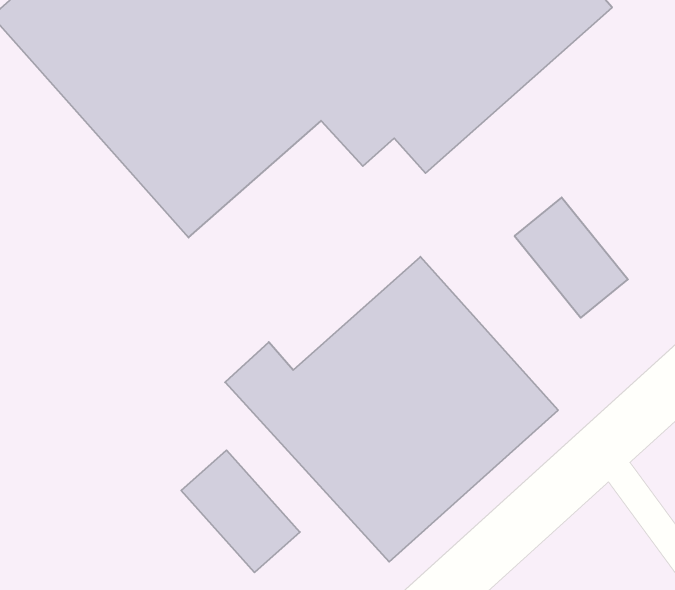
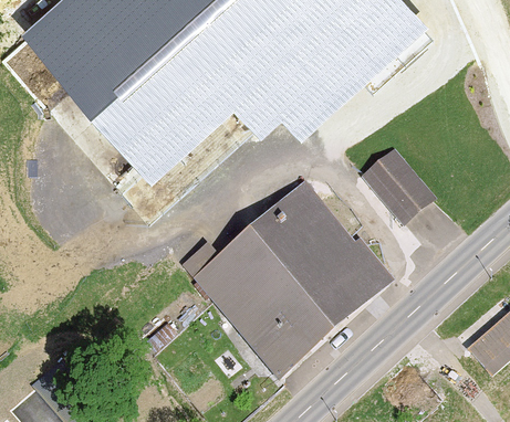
building: [181,450,300,572] -> none

